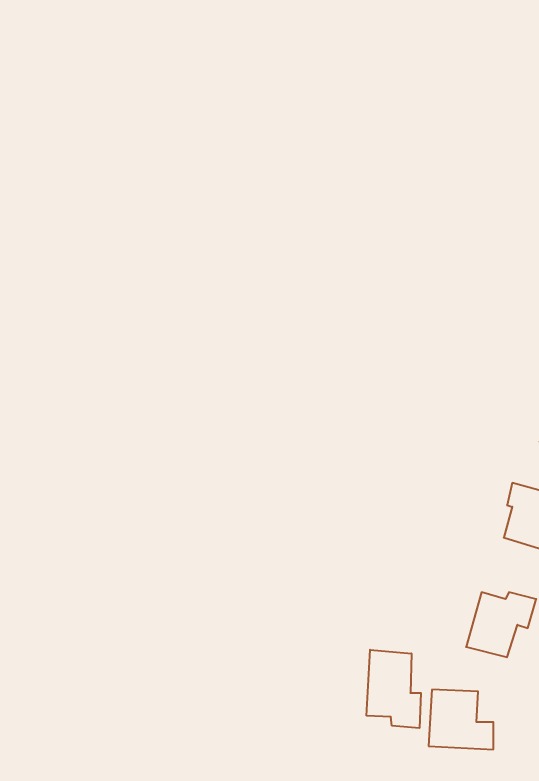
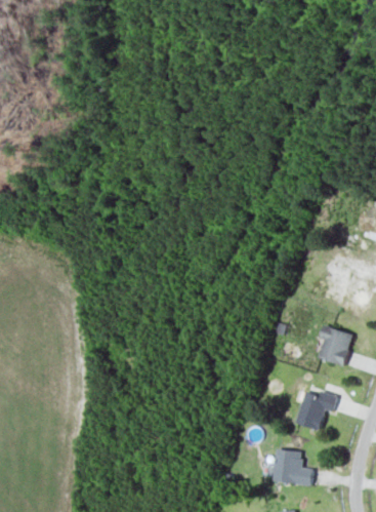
building: [367,650,421,728] -> none

